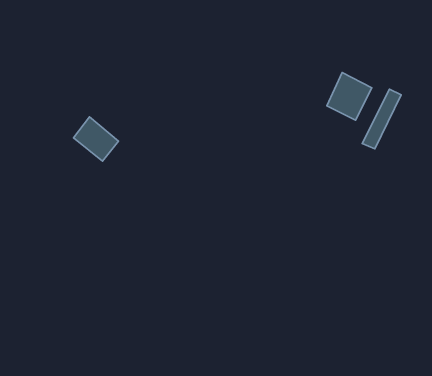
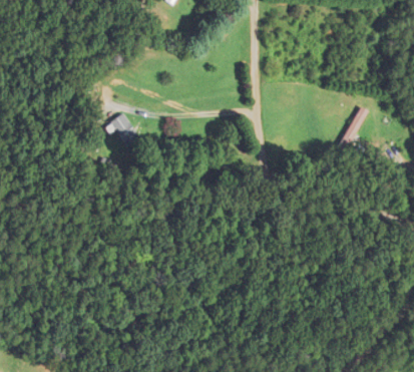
building: [327,73,372,120] -> none

